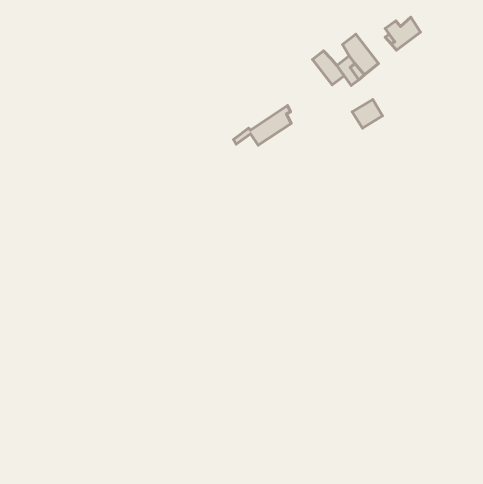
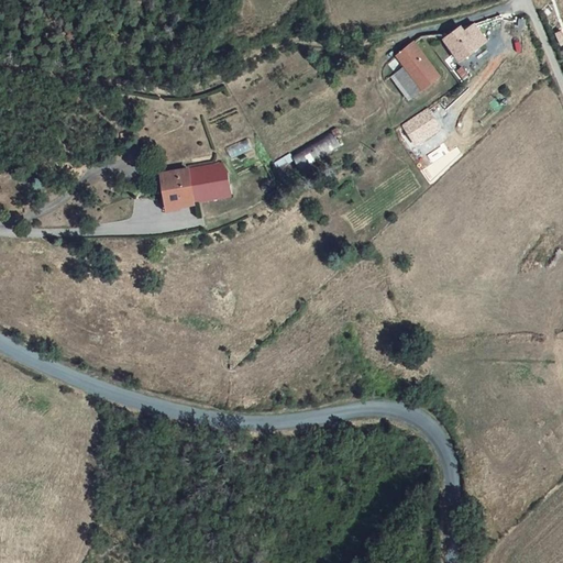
building: [312,51,344,85] -> none
building: none -> [157,166,225,208]

